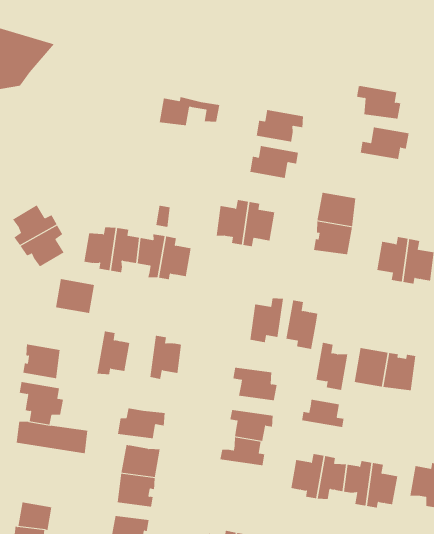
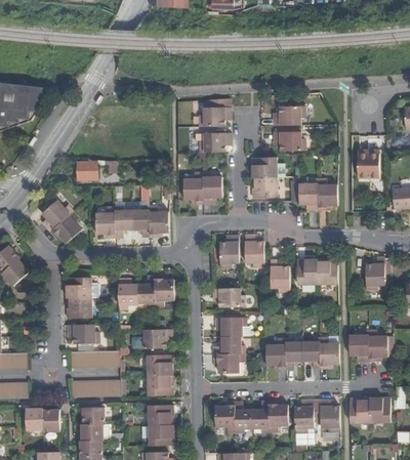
building: [356,85,401,119] -> [273,131,304,151]
building: [159,96,220,126] -> [77,159,117,179]
building: [55,279,95,314] -> [66,277,90,297]
building: none -> [137,276,155,306]
building: [302,399,344,428] -> none
building: none -> [213,352,244,373]
building: none -> [71,380,120,396]

